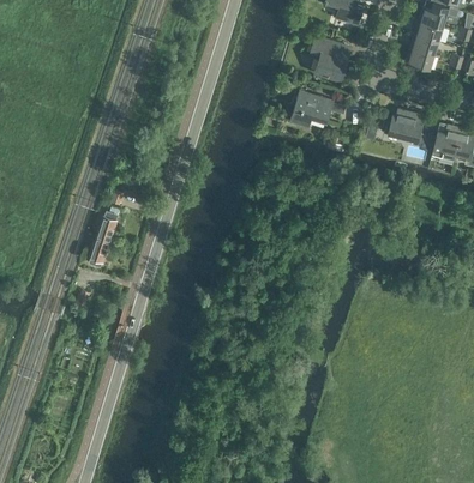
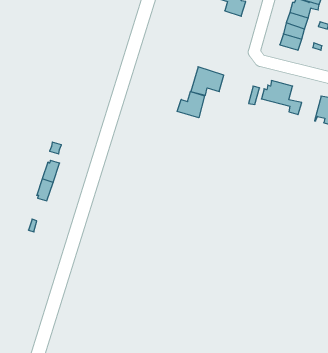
building: [308,36,349,81] -> none
building: none -> [177,91,205,118]
building: [431,126,461,162] -> none

